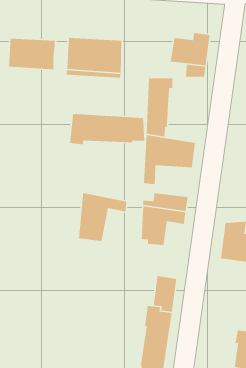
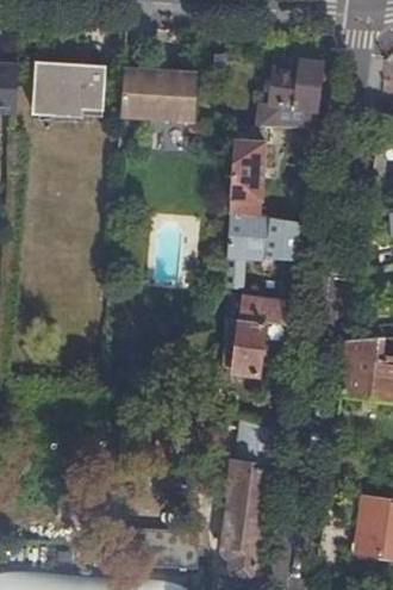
building: [69,113,145,145] -> none
building: [78,192,127,242] -> none

